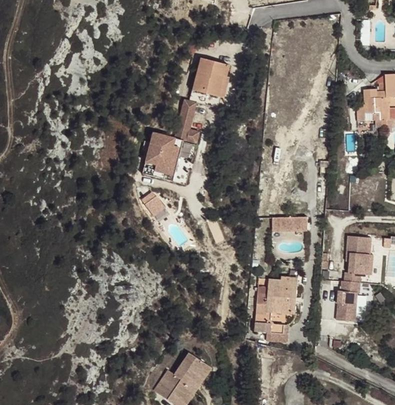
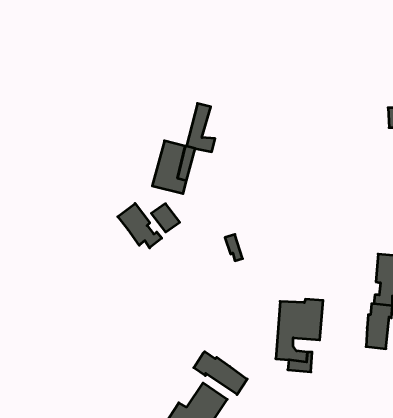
building: [174,57,230,107] -> none
building: none -> [118,203,162,248]
building: [272,216,307,230] -> none
building: none -> [194,352,247,395]

